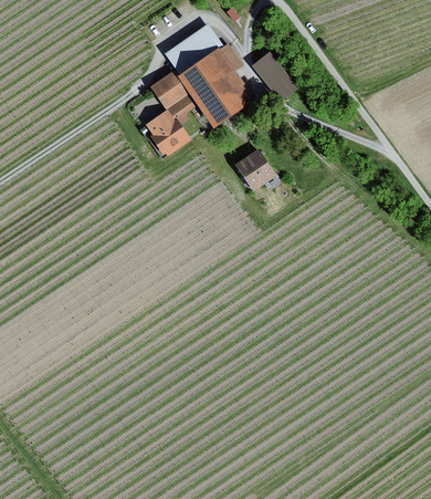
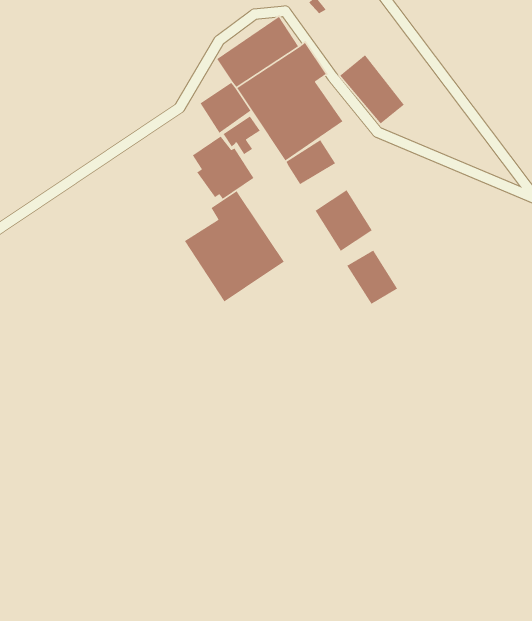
building: none -> [285,139,336,185]
building: none -> [184,190,285,302]
building: none -> [346,250,398,305]

